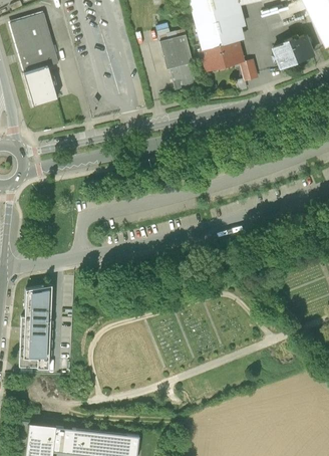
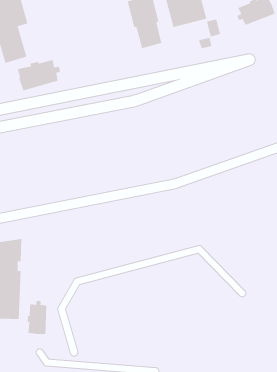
building: none -> [17,59,61,91]
building: none -> [27,300,47,335]

